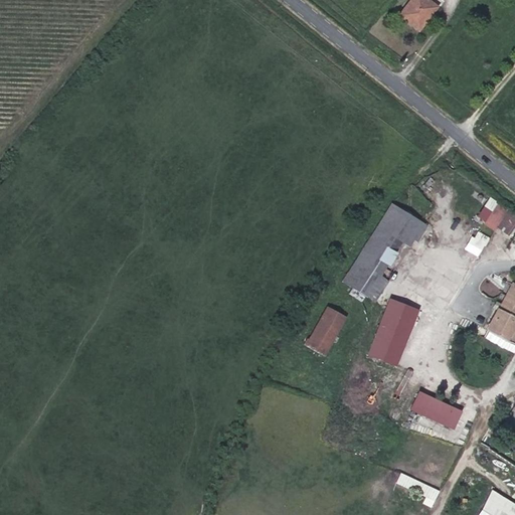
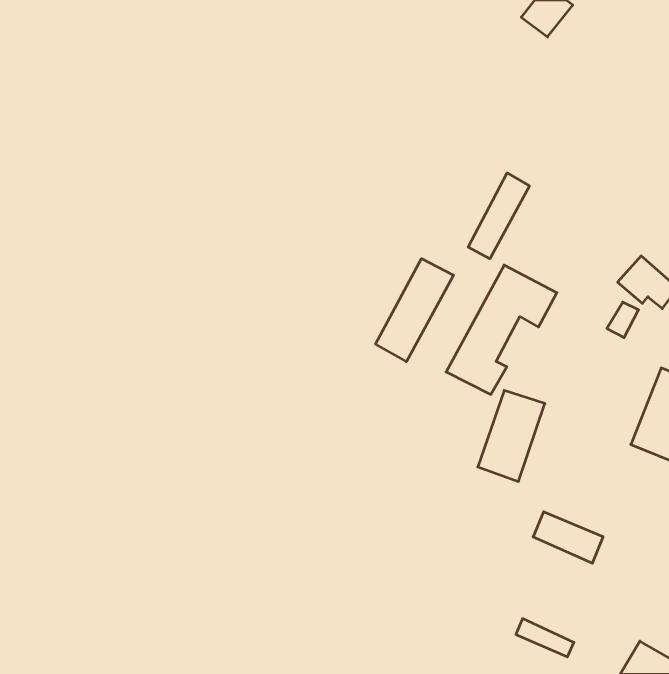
building: none -> [468,173,529,259]
building: none -> [376,259,453,362]
building: [305,305,349,357] -> none

